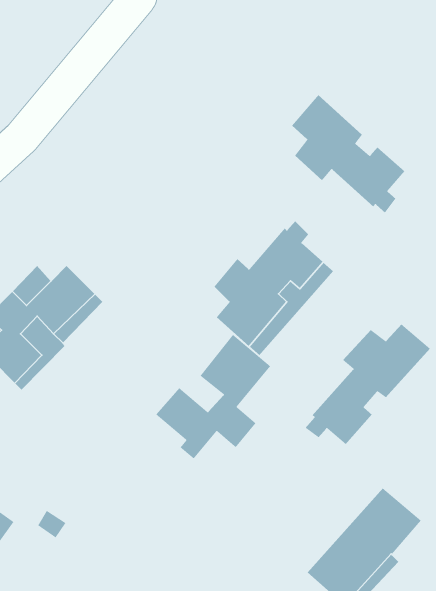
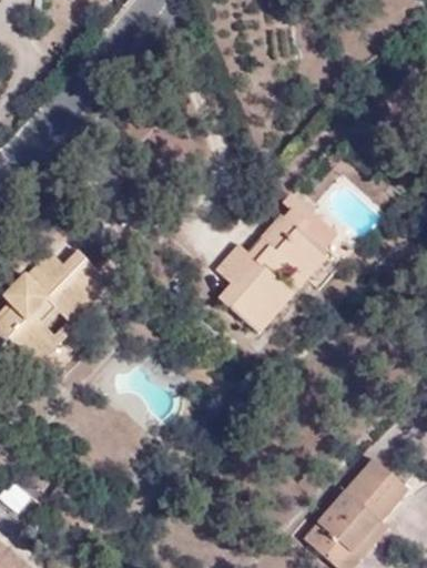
building: [291,94,405,213] -> none
building: [304,323,431,445] -> none
building: [155,334,271,460] -> none

